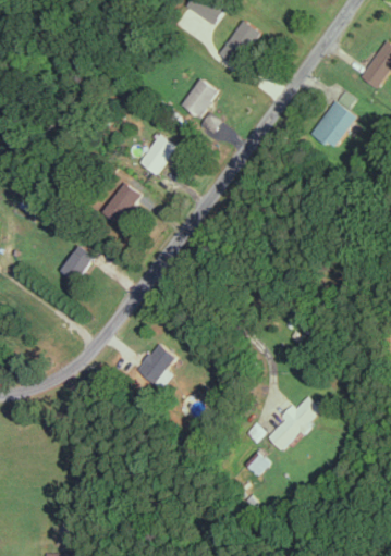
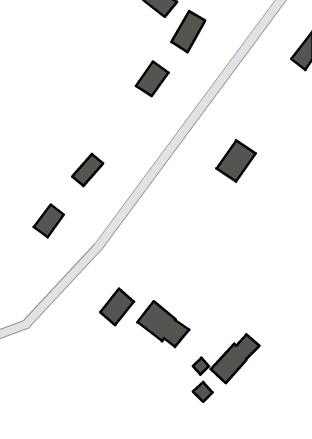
building: [311,100,357,148] -> [216,140,256,182]
building: [138,133,178,174] -> none
building: none -> [137,301,189,347]

